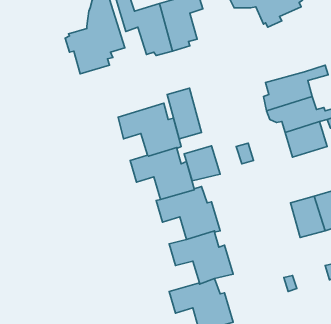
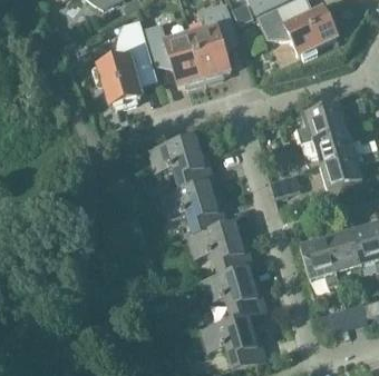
building: [167,88,202,139] -> none
building: [184,146,220,181] -> none
building: none -> [299,237,338,285]

